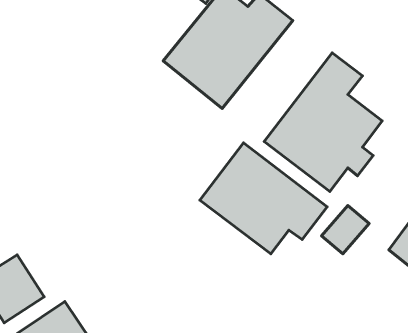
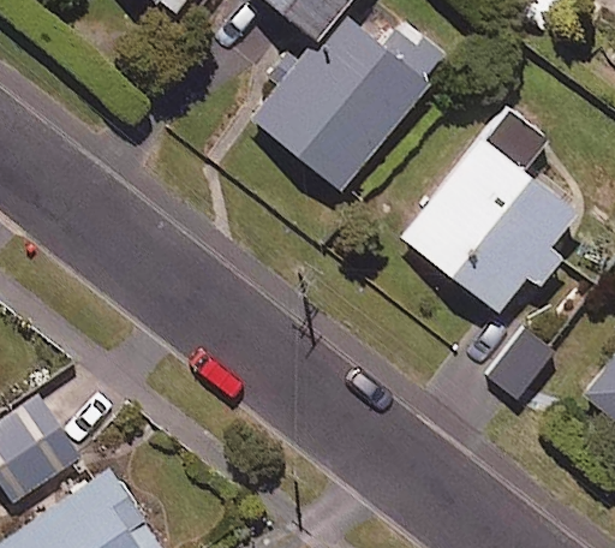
building: [200,143,327,254] -> none

